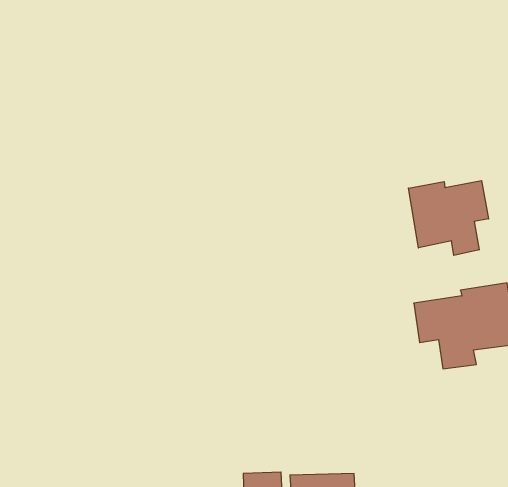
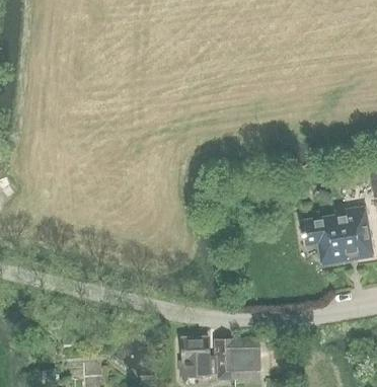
building: [408,181,489,255] -> none

